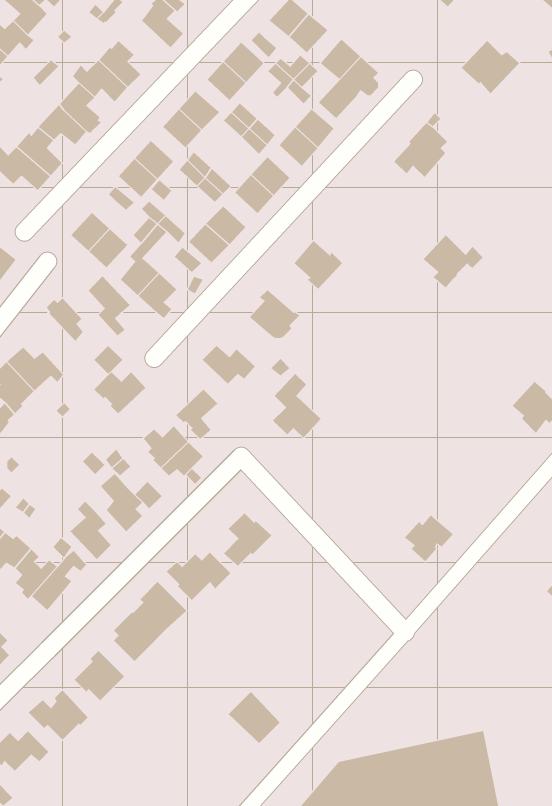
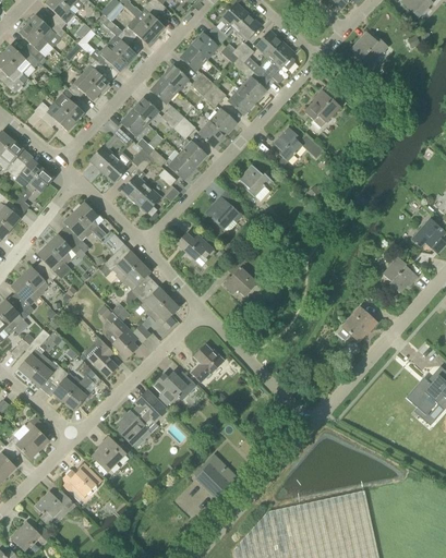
building: none -> [121,16,156,45]
building: [423,235,484,289] -> [273,125,313,161]
building: [88,276,131,336] -> [64,211,93,252]
building: [176,389,218,440] -> [121,262,149,295]
building: [404,514,453,562] -> [343,308,376,340]

